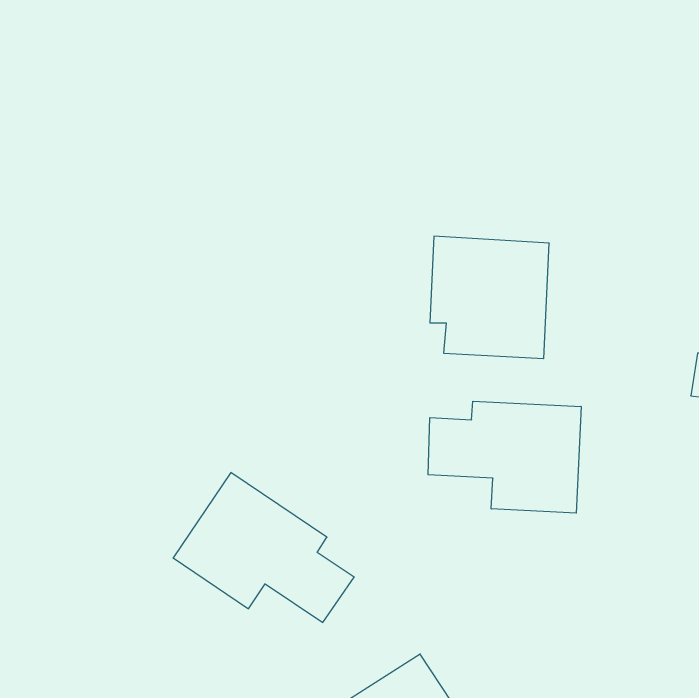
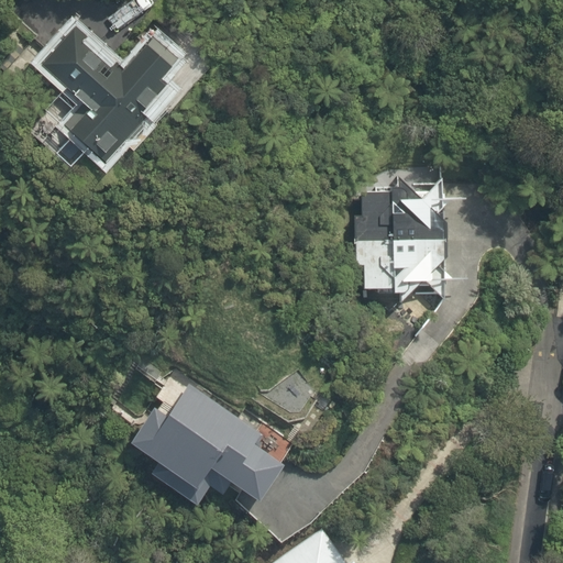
building: none -> [41,25,174,176]
building: [428,401,581,513] -> none

